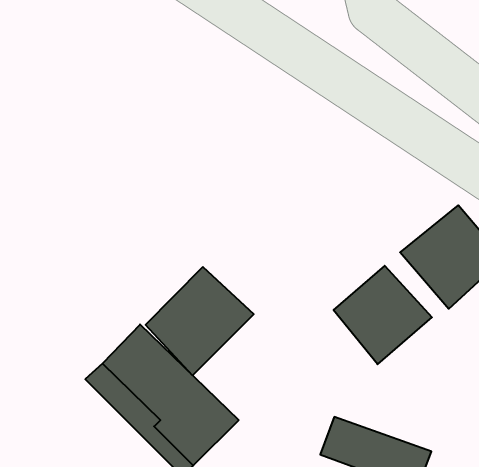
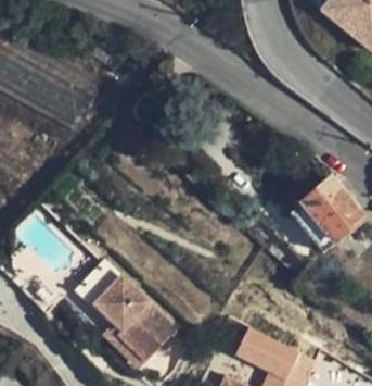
building: [334,266,432,364] -> none
building: [146,267,254,375] -> none

